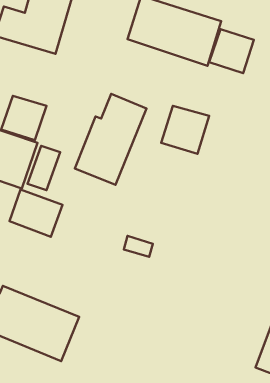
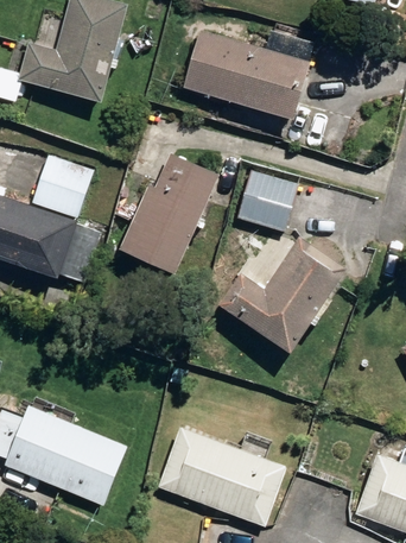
building: [209,29,254,73] -> none
building: none -> [217,232,344,354]
building: [10,189,62,237] -> none
building: none -> [160,429,286,526]

